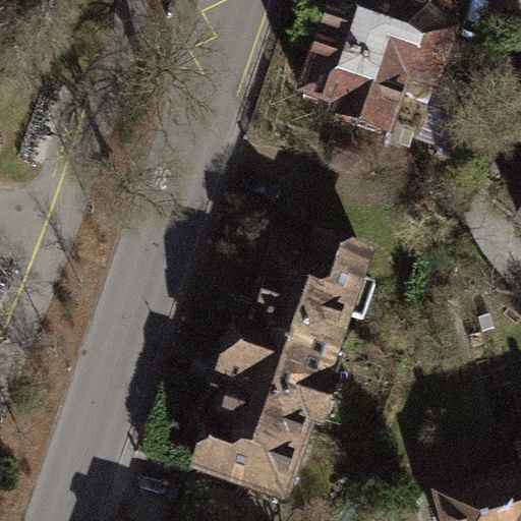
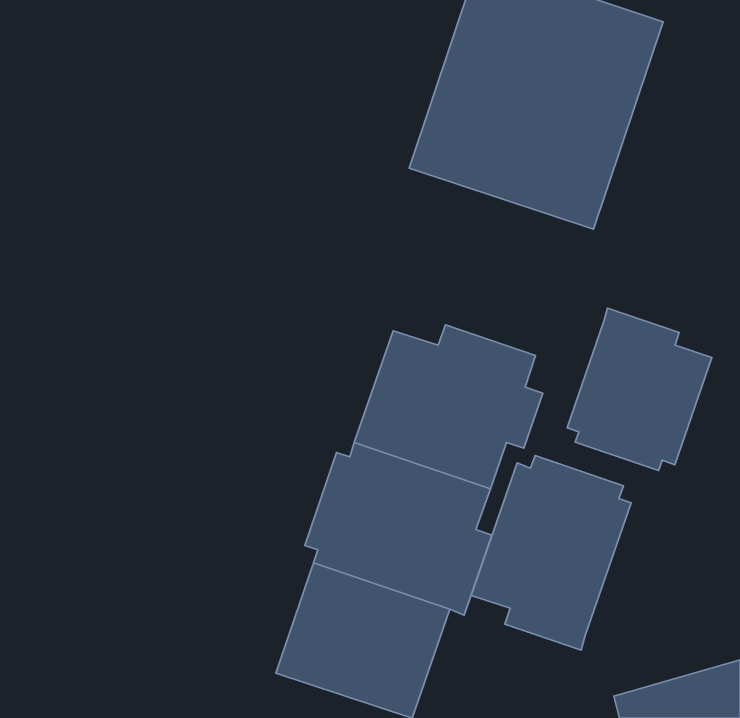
building: none -> [567,308,712,470]
building: none -> [471,455,631,650]

